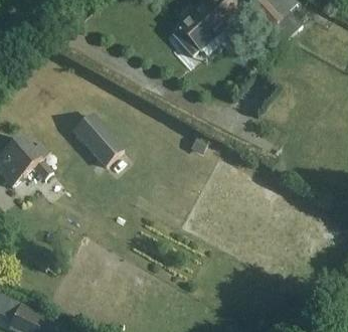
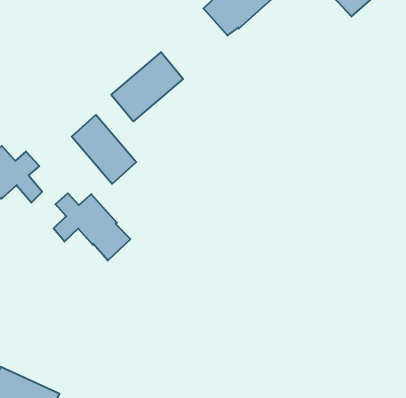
building: none -> [111,52,183,121]
building: none -> [54,193,130,261]

